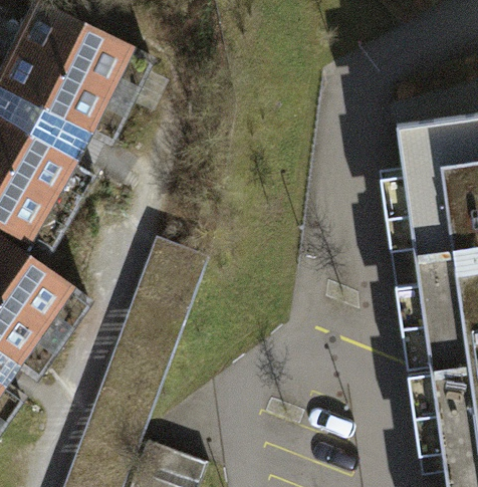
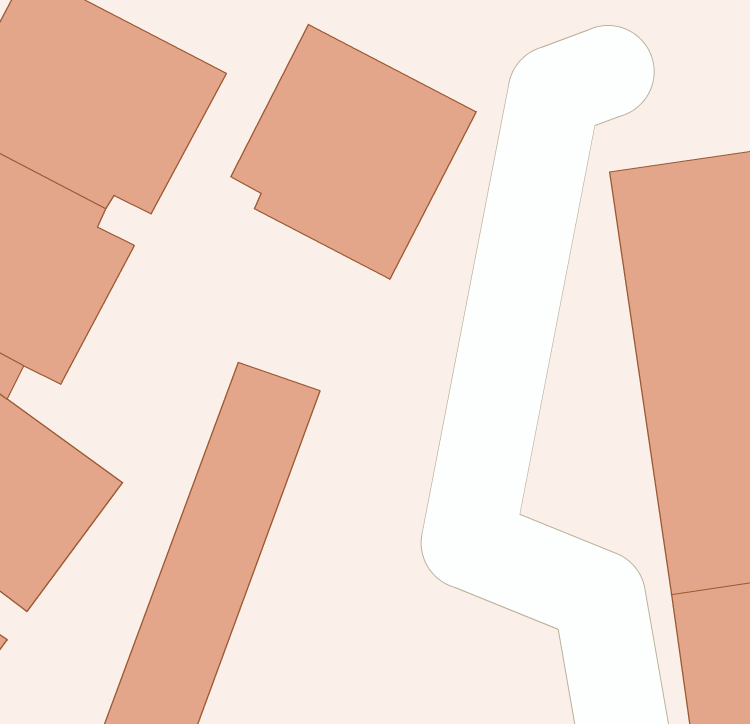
building: none -> [231,24,476,279]

